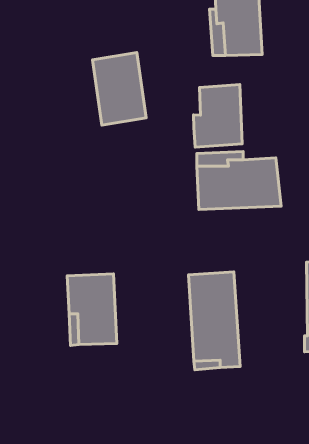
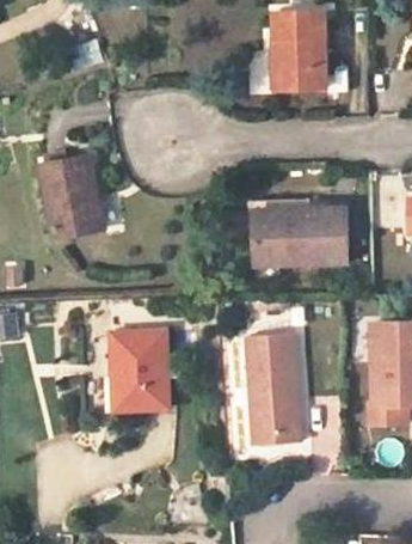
building: [92,53,146,125] -> [39,164,100,246]
building: [194,85,242,147] -> none

